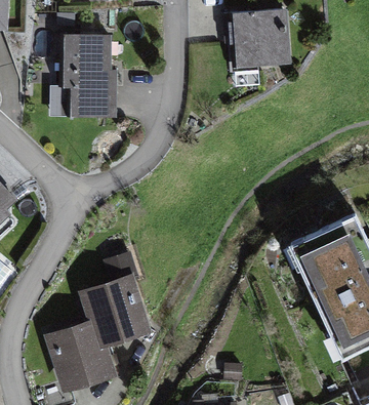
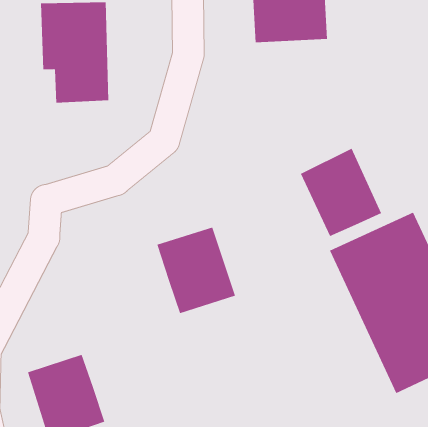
building: none -> [300,148,382,237]
building: [80,280,144,350] -> [157,227,236,314]

